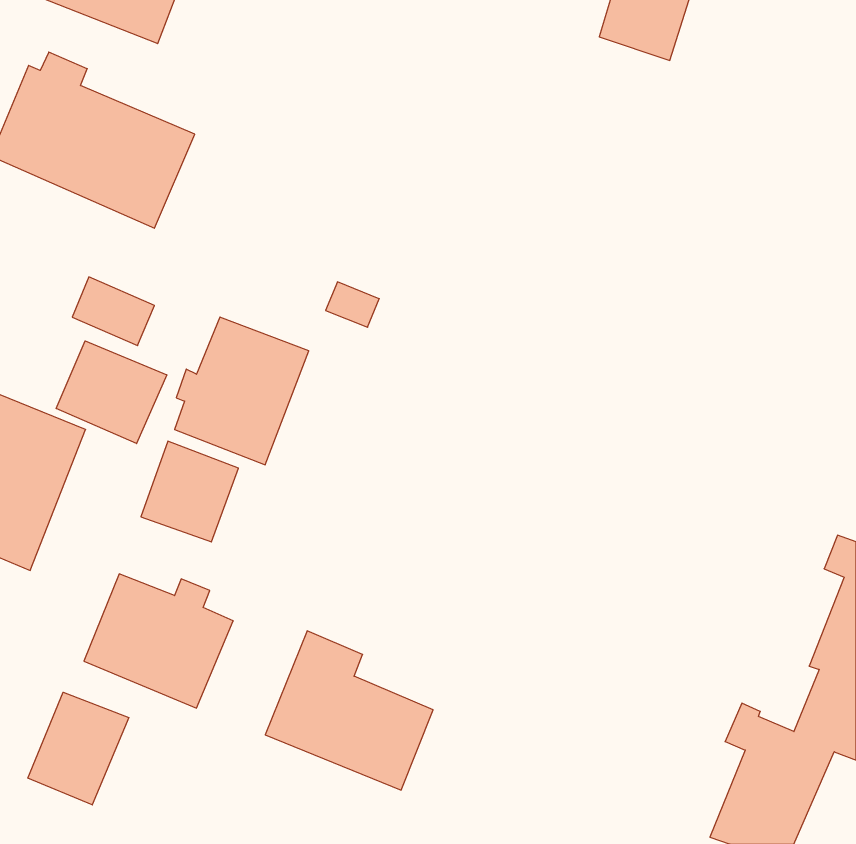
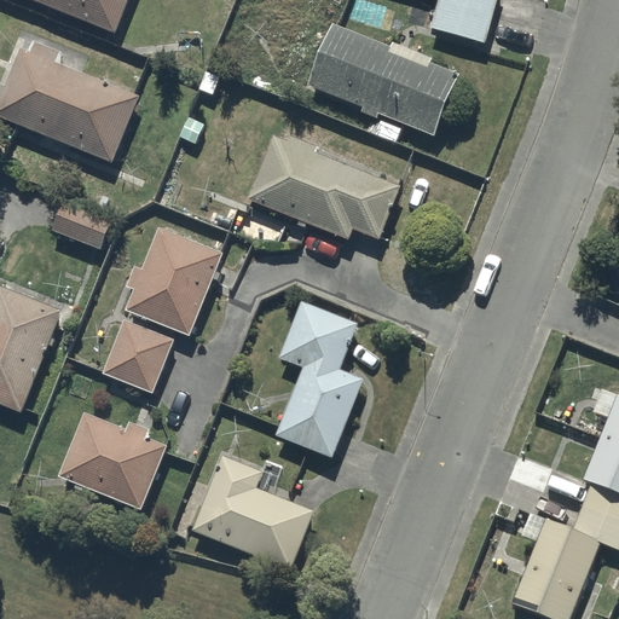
building: none -> [307,21,458,139]
building: none -> [248,132,400,238]
building: [56,341,167,444] -> none
building: none -> [274,300,364,457]
building: [28,692,129,805] -> none

